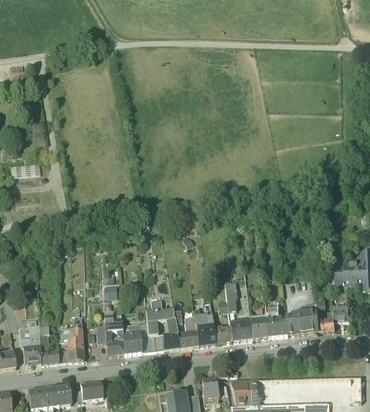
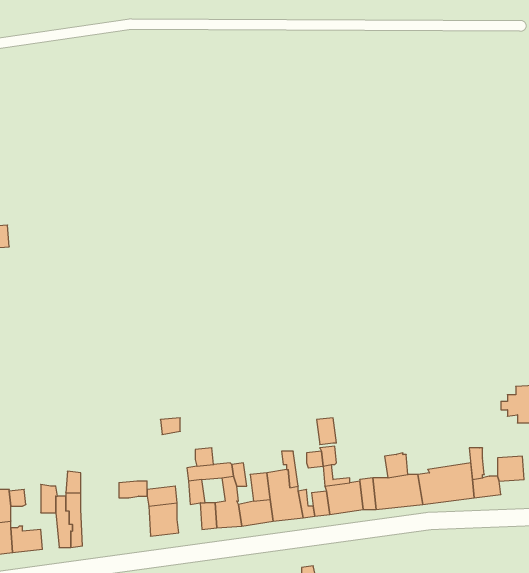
building: [105,329,124,355] -> none

